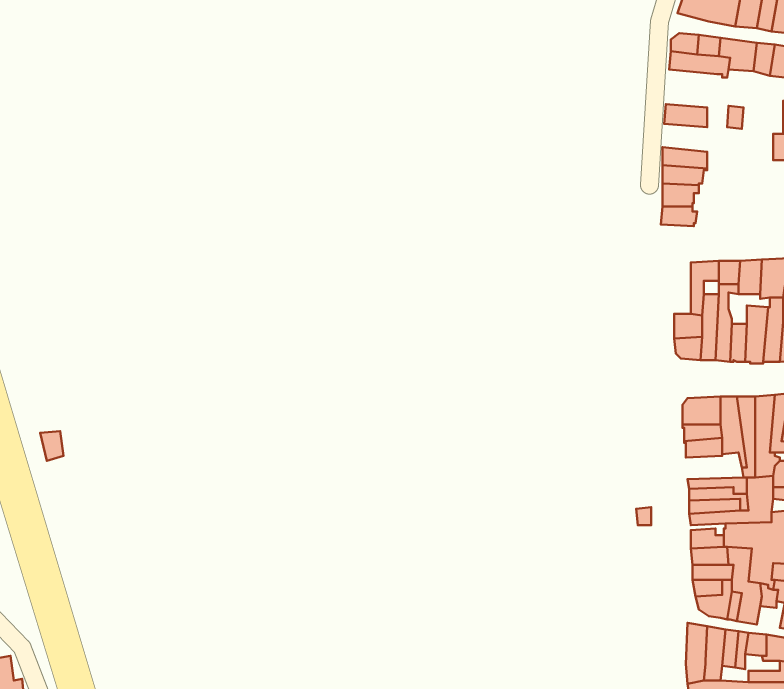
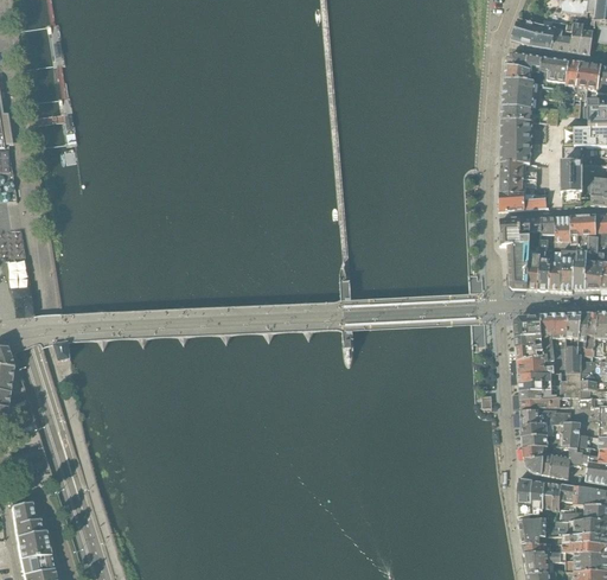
building: none -> [504,81,541,108]
building: none -> [501,120,533,140]
building: none -> [562,158,583,193]
building: none -> [500,192,548,211]
building: none -> [500,219,522,256]
building: none -> [518,356,560,375]

